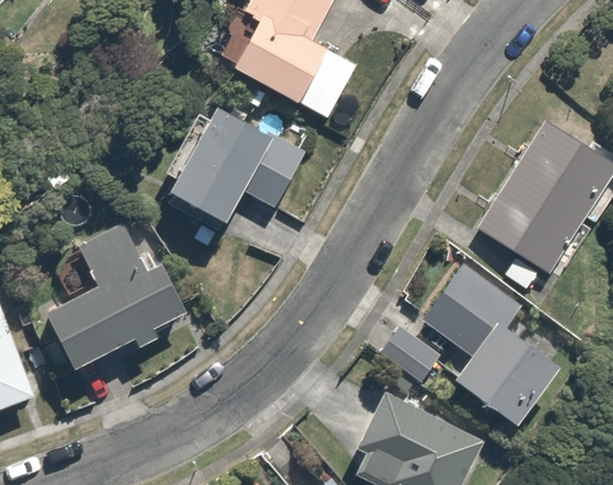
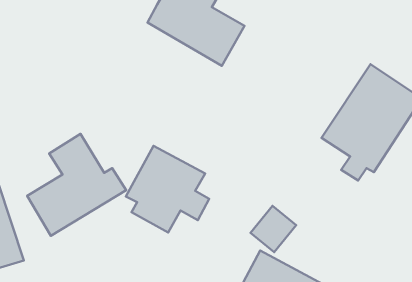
building: [164,99,286,226] -> [126,146,209,232]
building: [427,271,563,432] -> none

